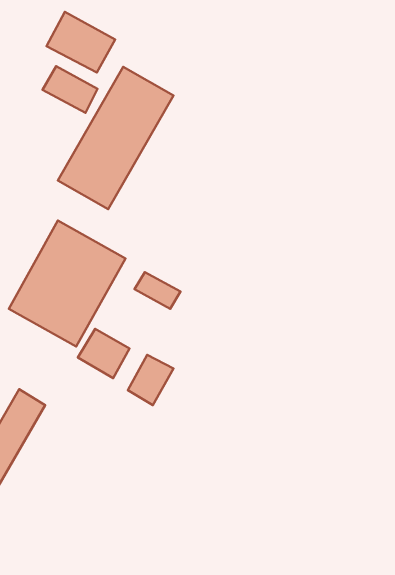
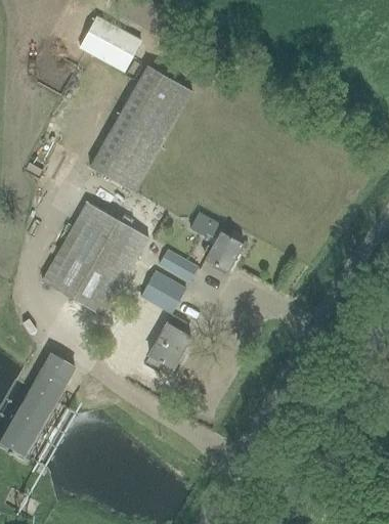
building: [42,66,97,113] -> none
building: none -> [189,213,243,271]
building: [78,329,129,378] -> [138,270,184,314]

